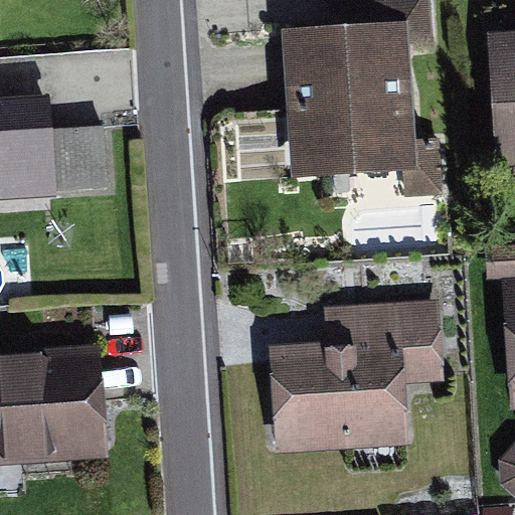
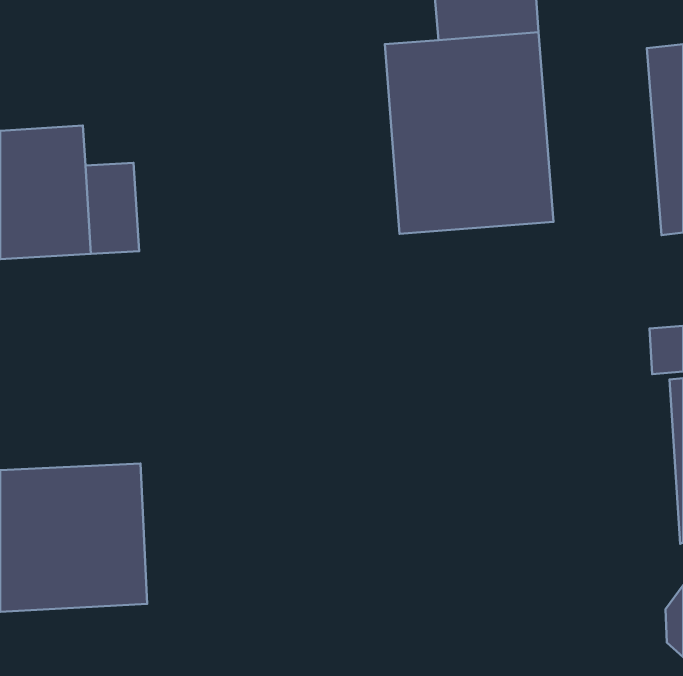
building: [275,310,441,441] -> none

